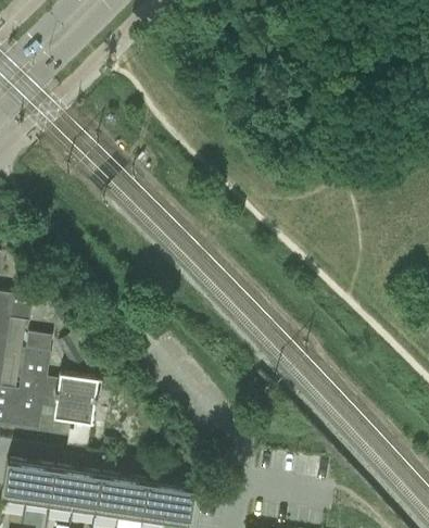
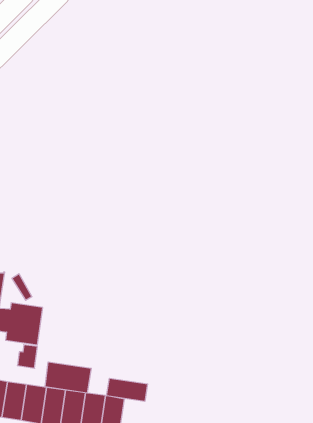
building: none -> [45,362,91,393]
building: none -> [107,378,148,401]

